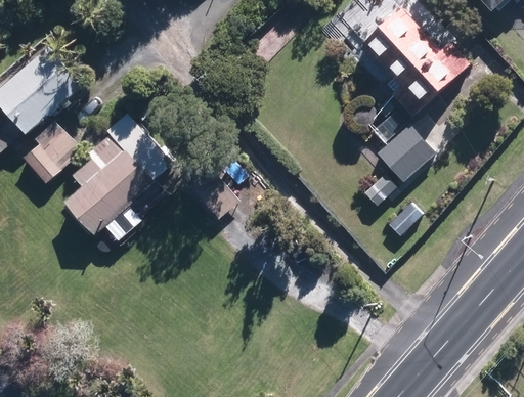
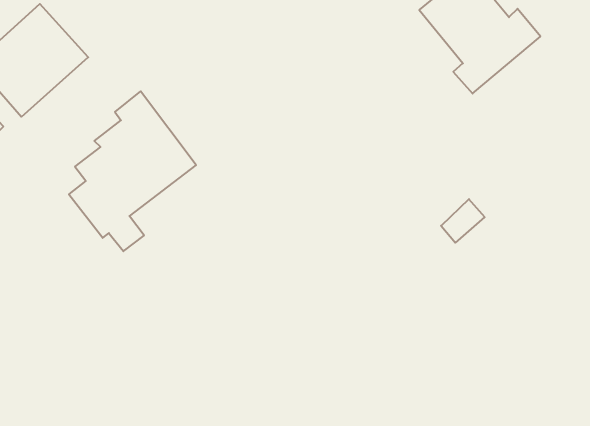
building: [20,119,80,184] -> none
building: [361,125,432,206] -> none

